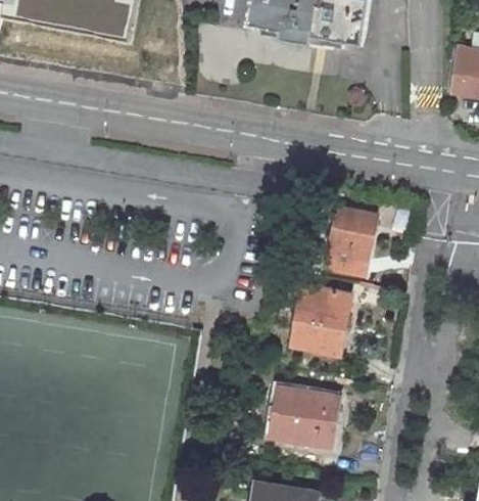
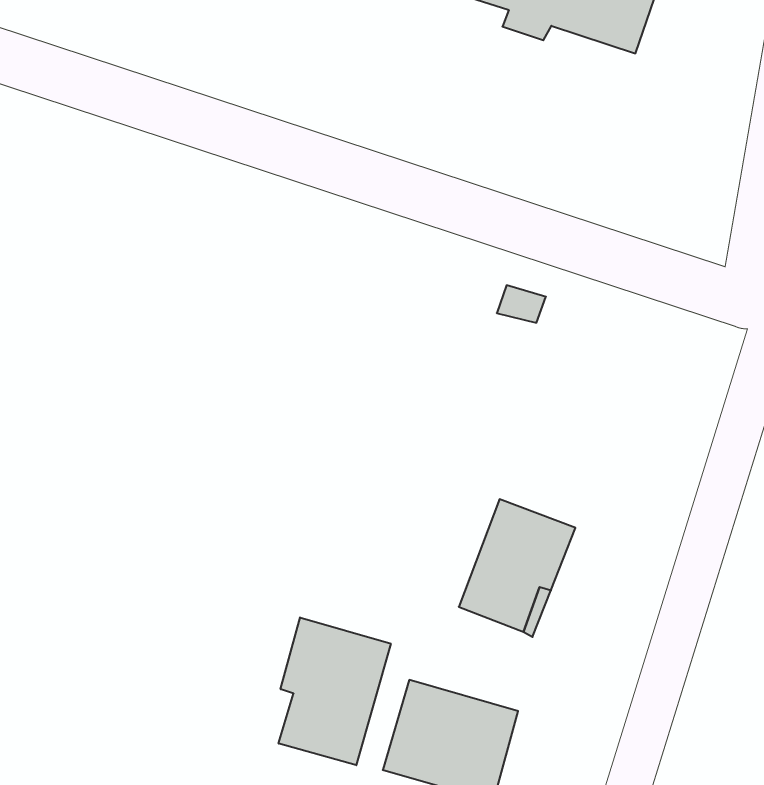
building: [326,212,378,278] -> none
building: none -> [279,617,391,765]

